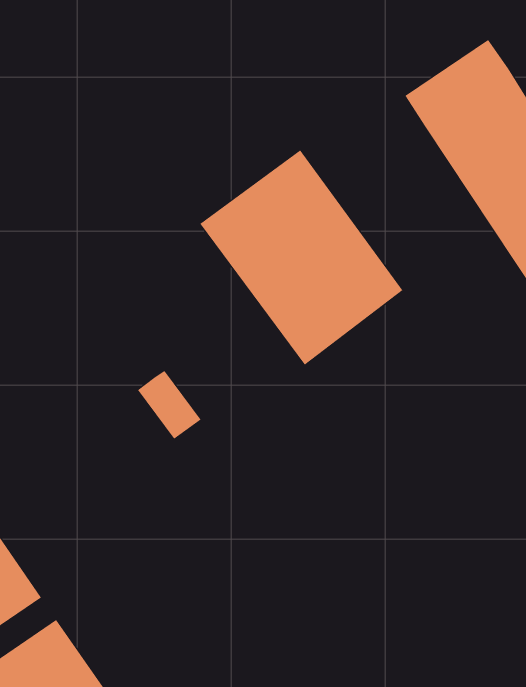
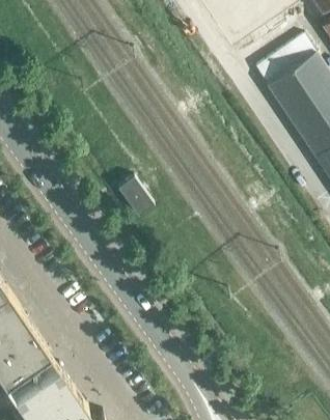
building: [200,149,403,365] -> none
building: [137,370,201,440] -> [117,181,154,221]

